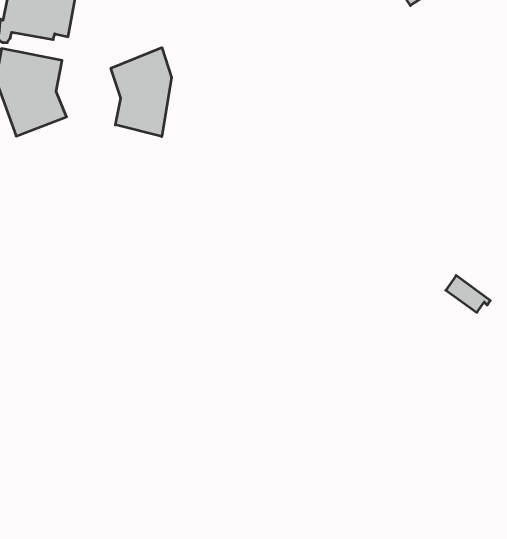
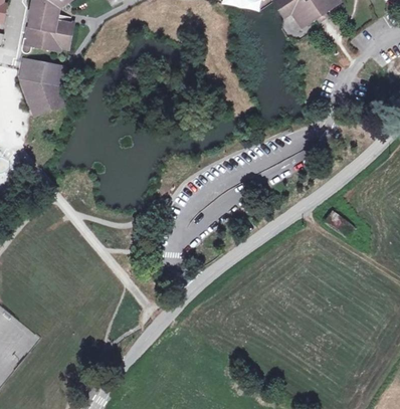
building: [111,48,171,137] -> none

